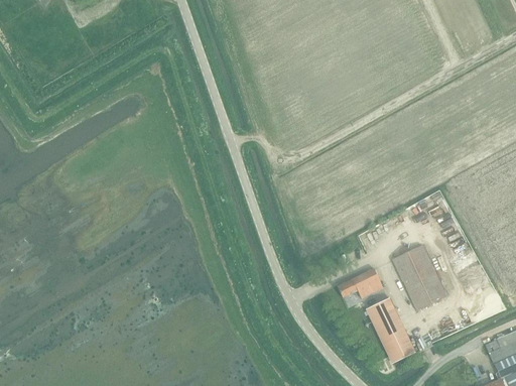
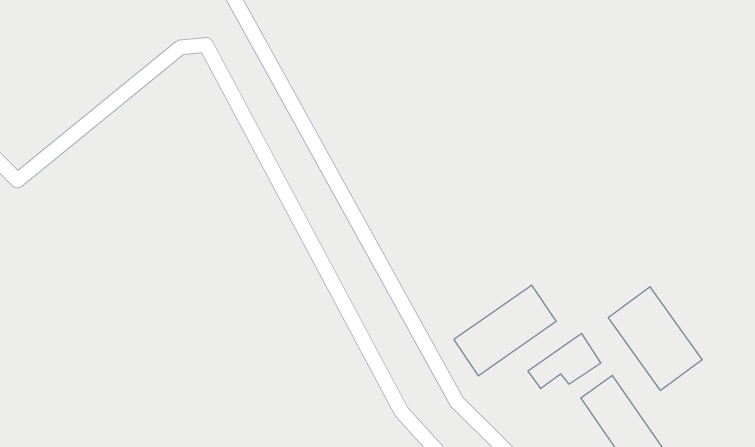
building: none -> [454,285,556,376]

